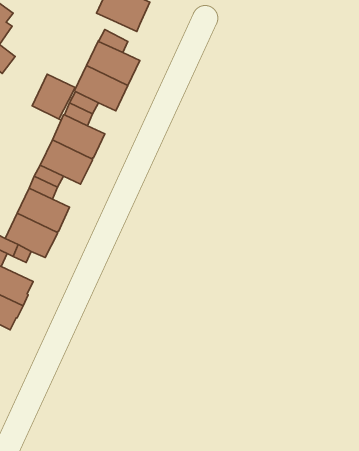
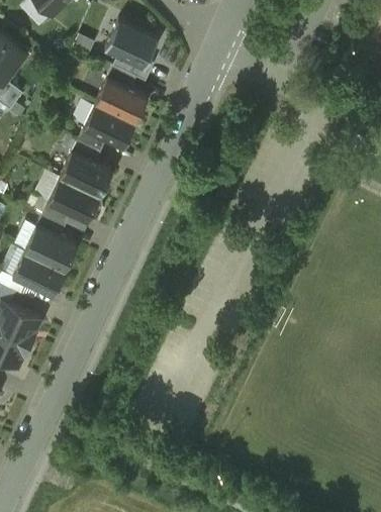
building: none -> [112,57,154,83]
building: [32,74,75,119] -> none

